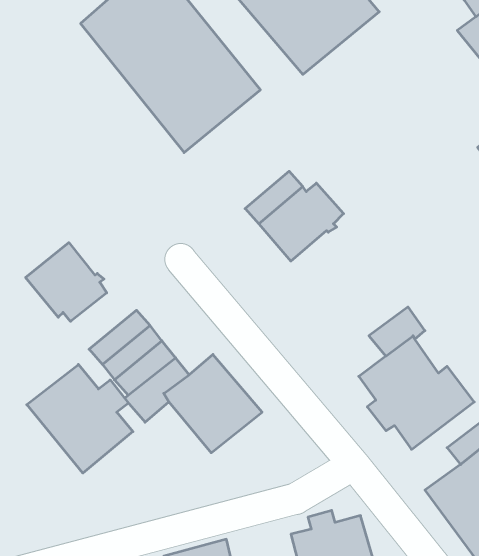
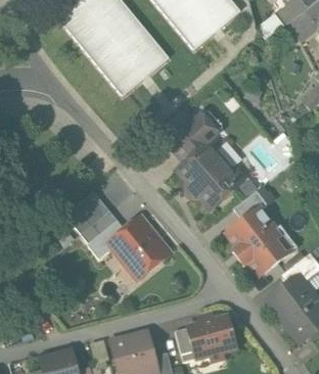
building: none -> [177,143,242,208]
building: [26,243,107,321] -> none
building: [27,364,133,473] -> none

